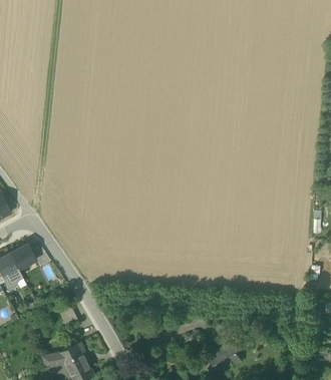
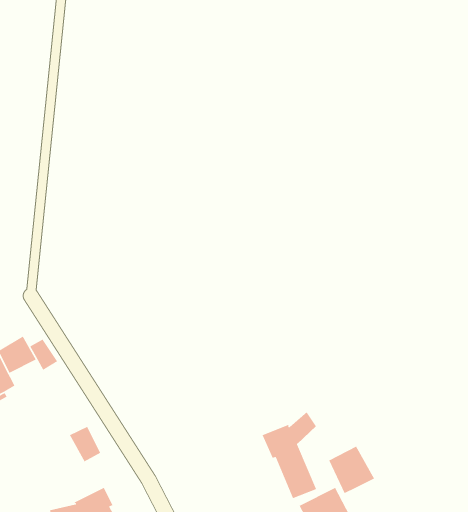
building: none -> [261,411,317,499]
building: none -> [328,445,375,494]

